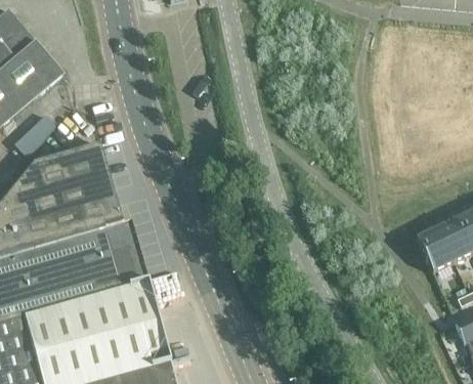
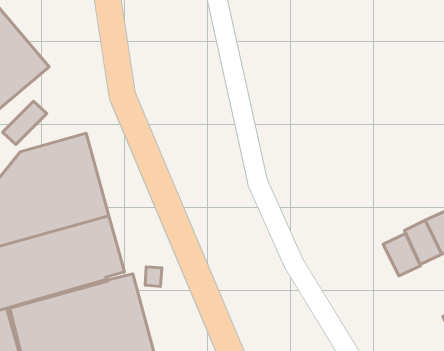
building: none -> [383,234,421,276]

